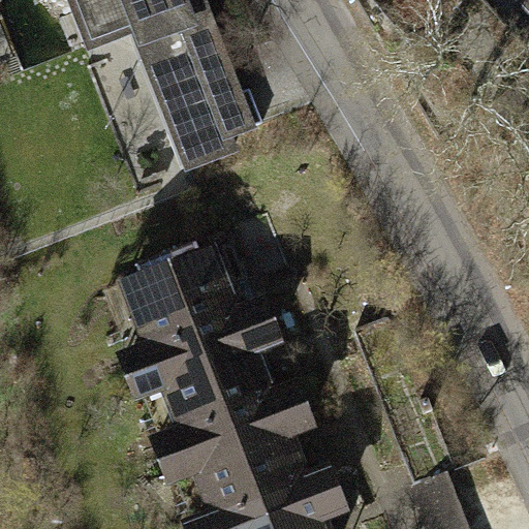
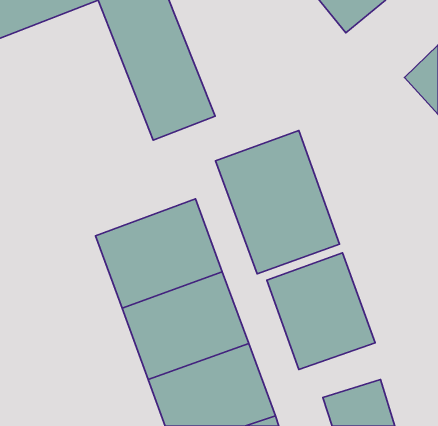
building: none -> [216,130,340,274]
building: none -> [267,253,375,369]

